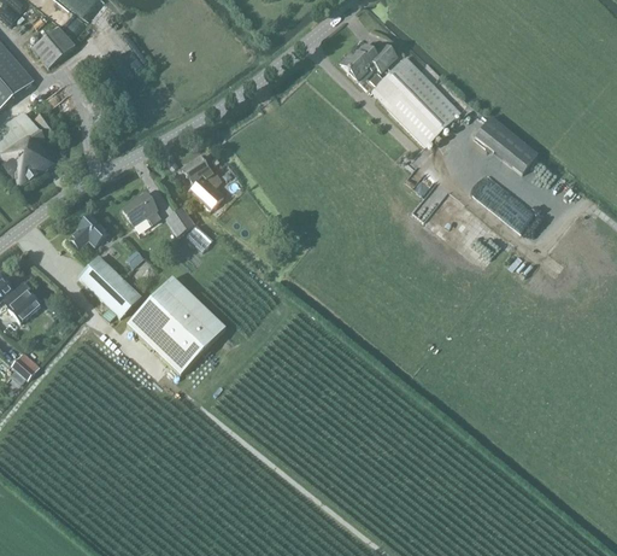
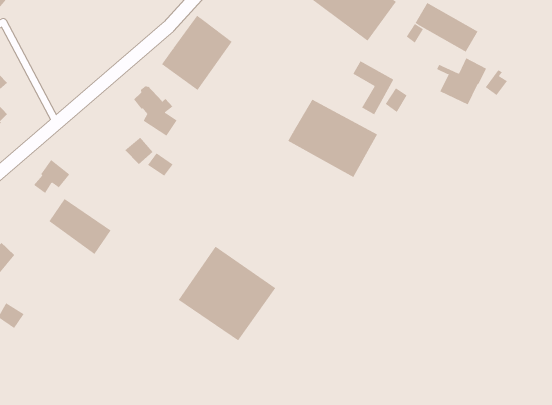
building: none -> [161,15,233,91]
building: [121,191,159,224] -> none
building: none -> [288,99,378,178]
building: [124,275,224,374] -> [178,246,276,341]

